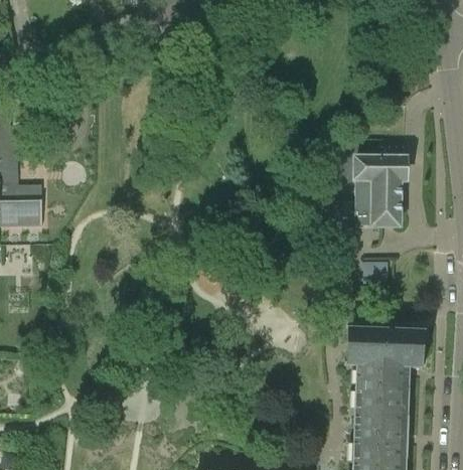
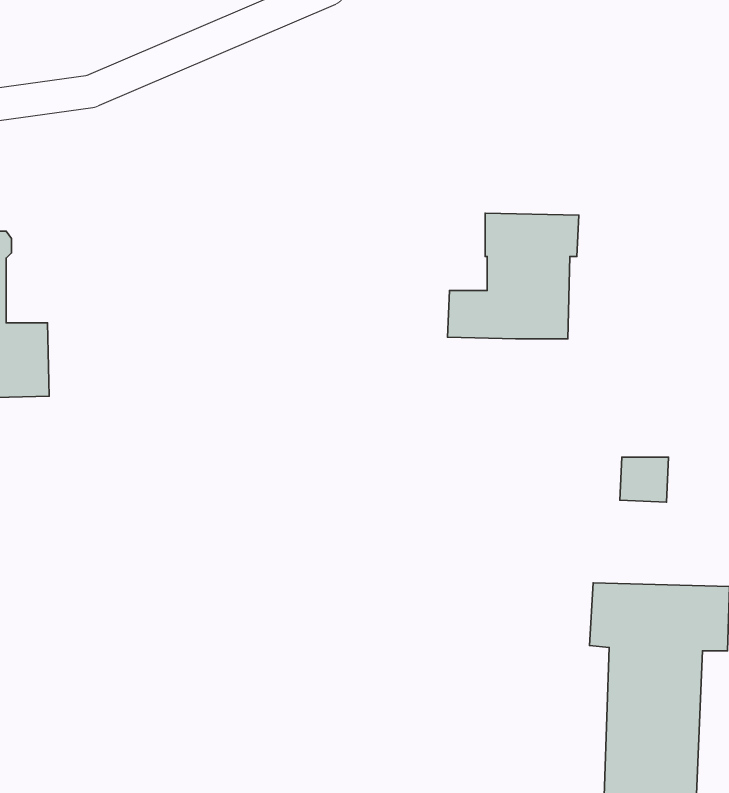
building: [332,159,406,229] -> [448,213,579,339]

